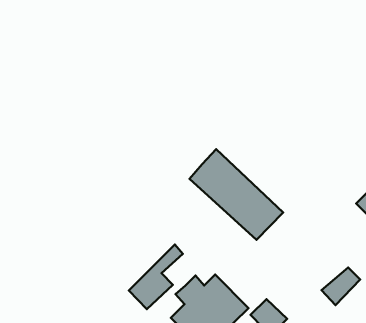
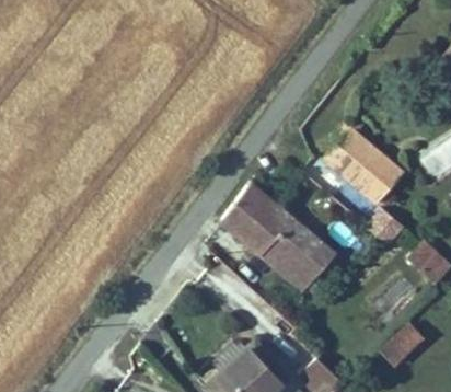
building: none -> [326,142,403,216]
building: [129,244,183,309] -> none

